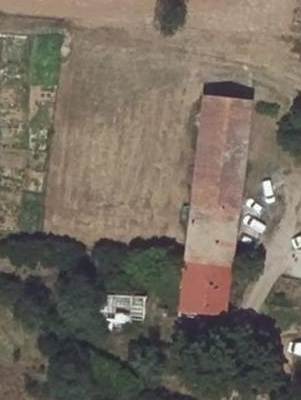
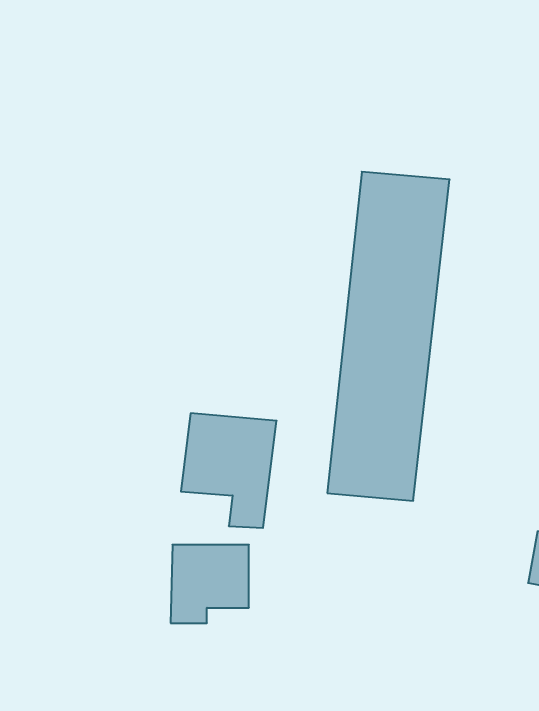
building: [181,263,231,323] -> [181,413,277,528]

